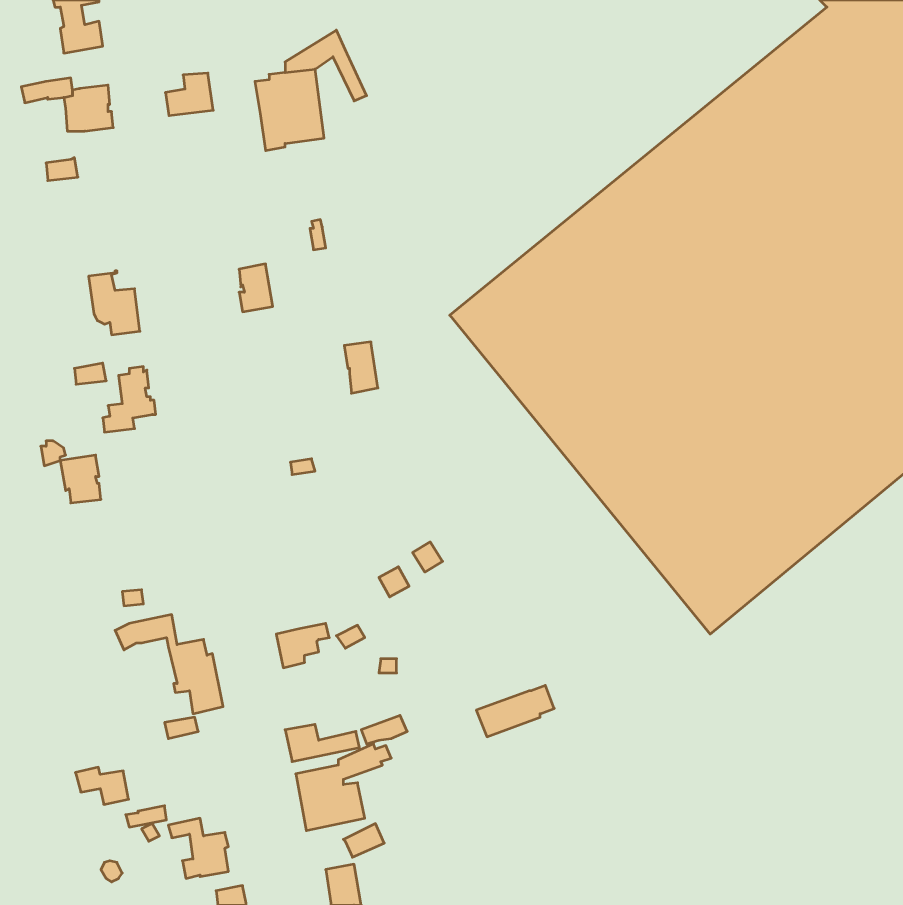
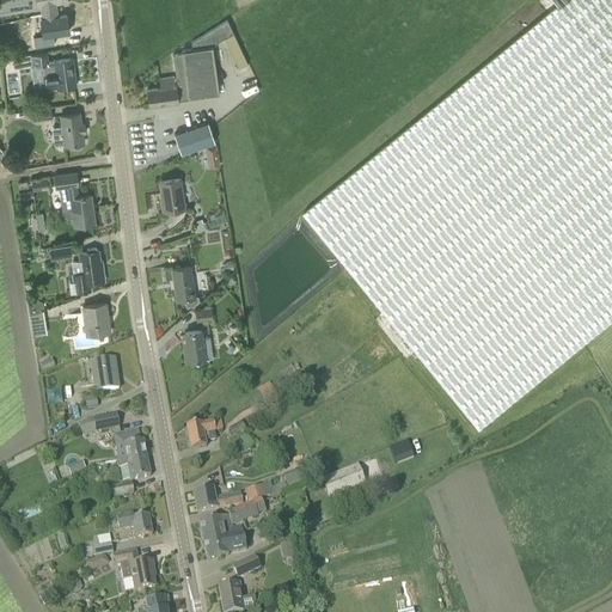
building: [165,73,213,116] -> [148,76,180,105]
building: none -> [54,112,85,148]
building: none -> [176,122,216,153]
building: [344,342,378,393] -> [173,265,196,300]
building: [60,455,101,503] -> [84,302,111,335]
building: none -> [185,330,207,362]
building: none -> [92,360,120,392]
building: [75,767,129,804] -> [117,514,153,539]

